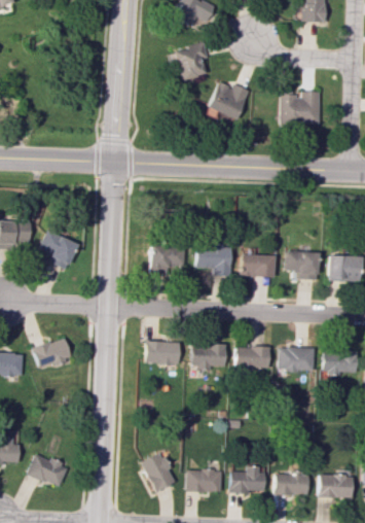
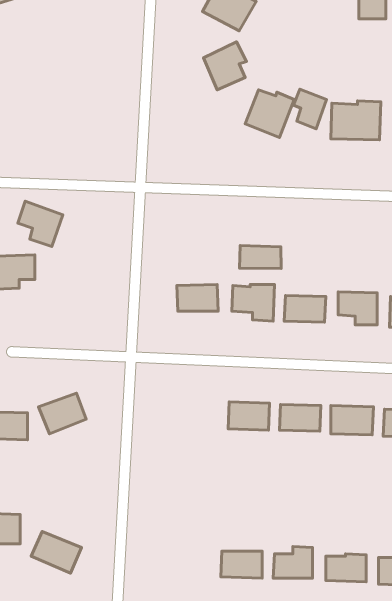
building: none -> [294,89,327,129]
building: none -> [239,246,281,268]
building: [39,231,77,269] -> [18,201,63,247]
building: [146,341,180,364] -> none
building: [141,451,176,492] -> none

